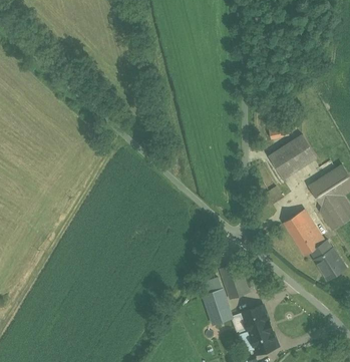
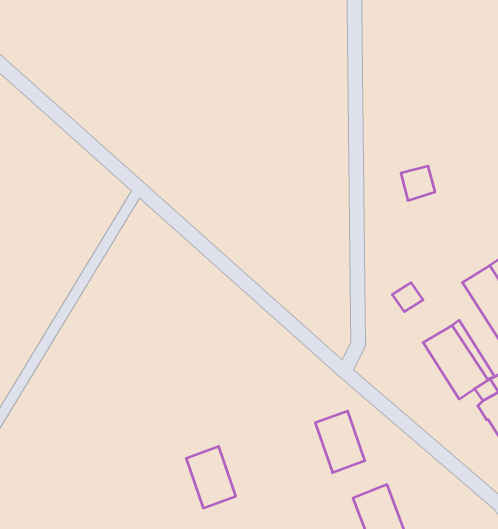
building: [269,135,317,178] -> none
building: [203,289,232,325] -> [186,446,236,508]

